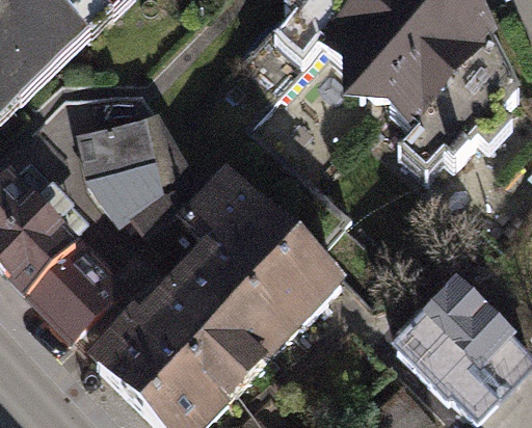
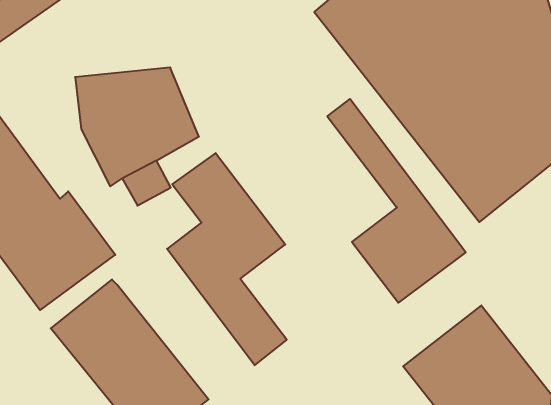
building: [207,162,344,335] -> [327,99,466,303]
building: [136,269,266,396] -> none

